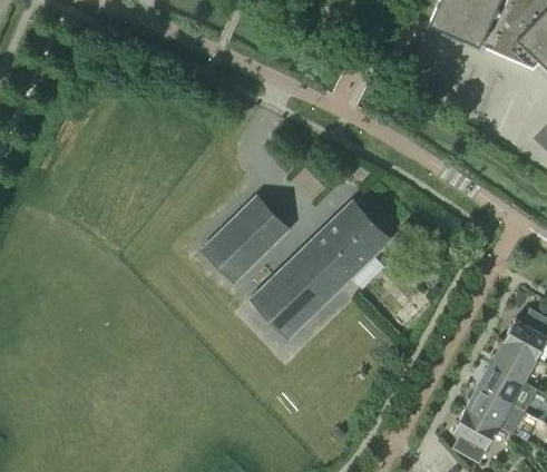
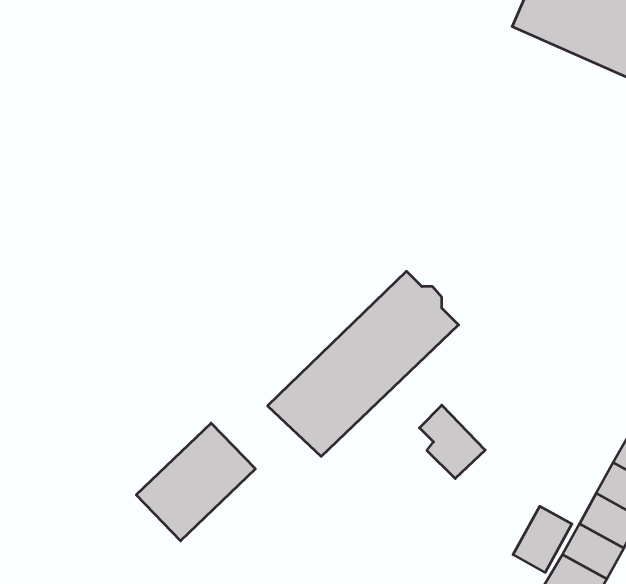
building: [203,196,290,282] -> [136,423,255,541]
building: none -> [419,405,485,479]
building: none -> [513,506,572,572]

